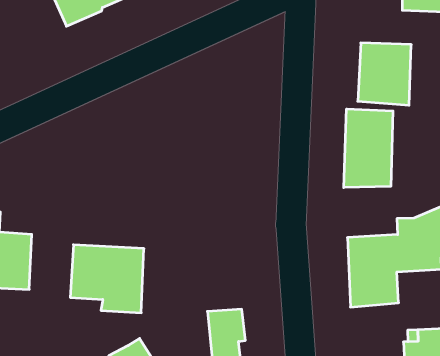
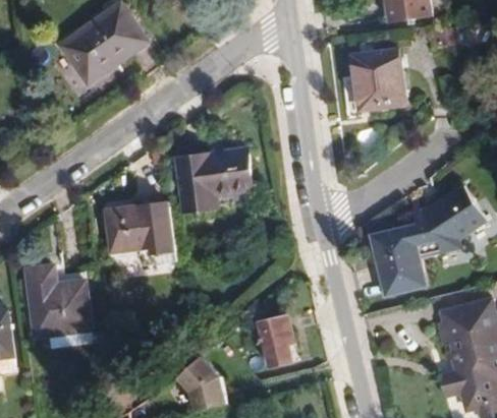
building: [344,109,393,188] -> none
building: none -> [173,146,254,213]
building: [70,245,144,313] -> [106,201,177,263]

